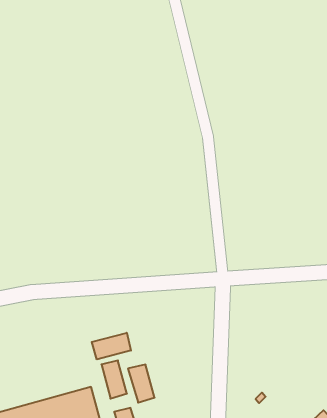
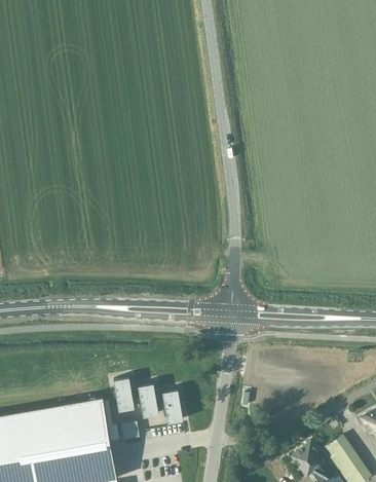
building: [92,333,131,359] -> none
building: none -> [162,390,184,422]

